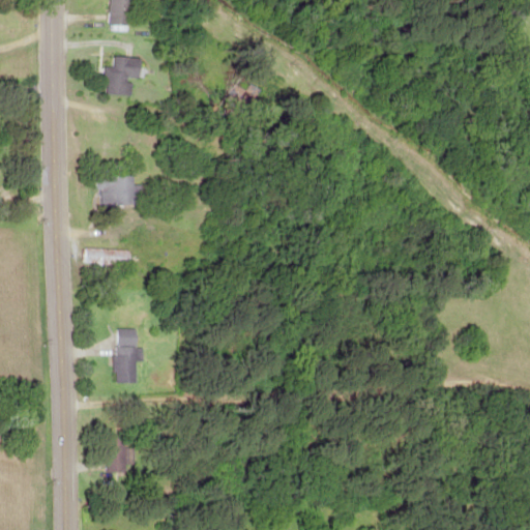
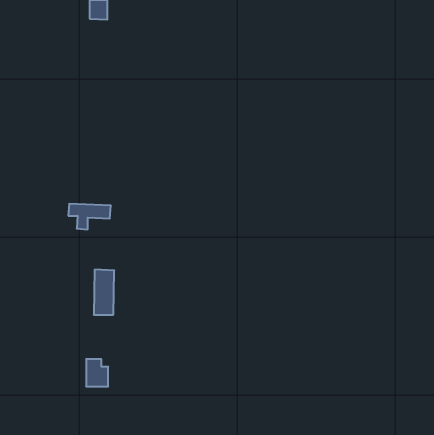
building: [106,58,143,96] -> none
building: [99,178,141,207] -> none

